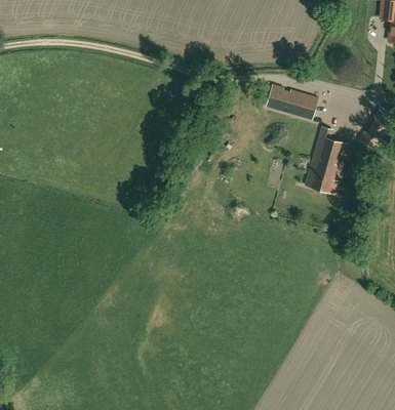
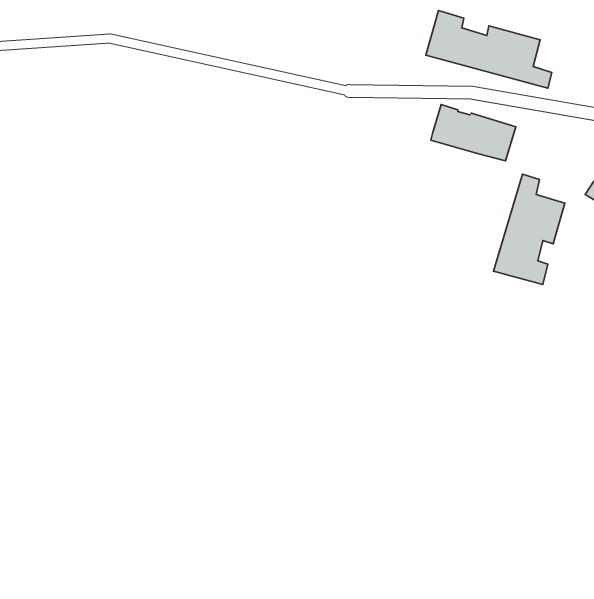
building: none -> [426,11,552,88]

